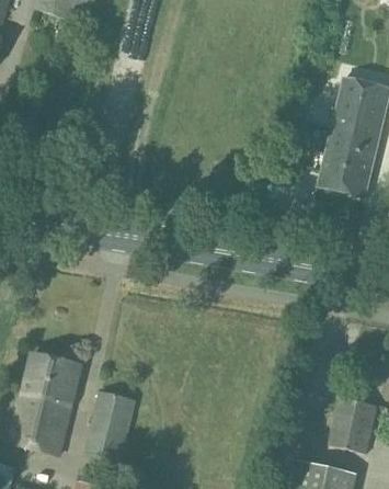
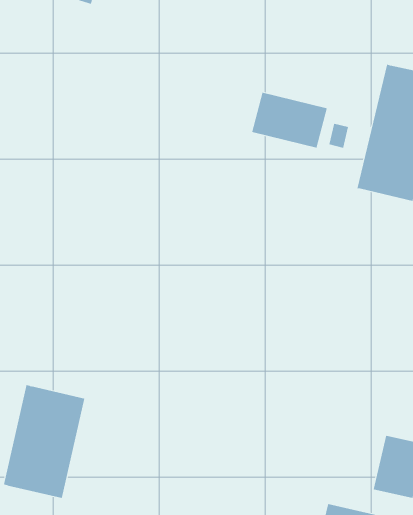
building: none -> [252,92,327,148]
building: [87,390,135,457] -> none

